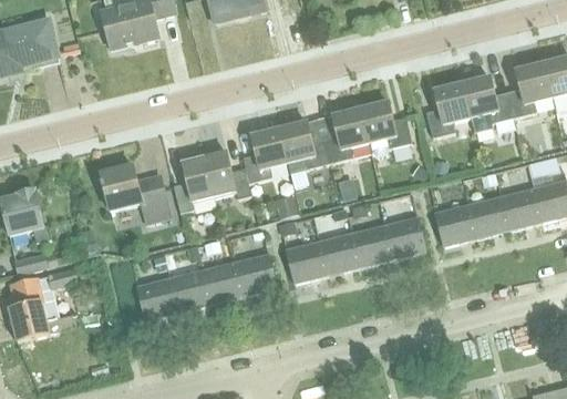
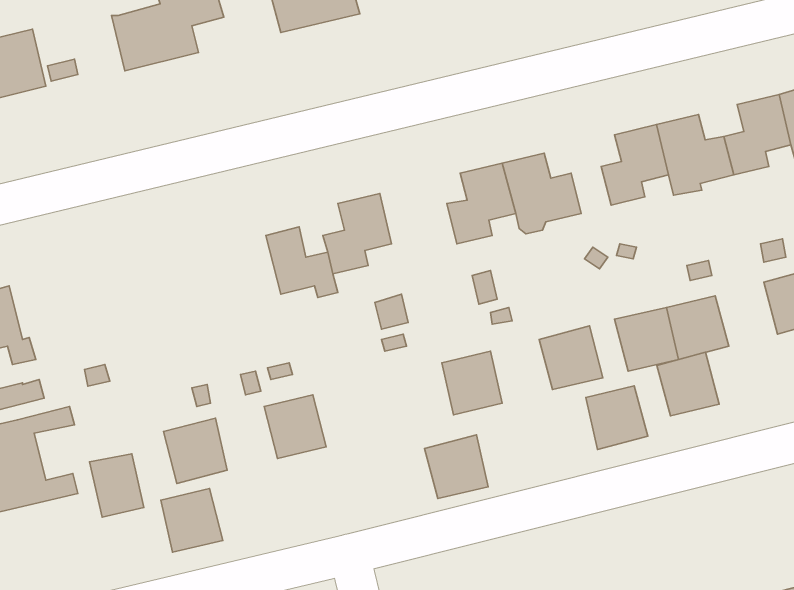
building: [279,121,330,172] -> none
building: [174,156,214,212] -> none
building: [102,165,171,223] -> none
building: [501,187,542,229] -> [657,352,719,416]
building: [352,225,393,267] -> [586,386,648,449]
building: [286,241,328,283] -> [425,435,488,499]
building: [235,253,277,296] -> none
building: [171,269,212,311] -> [161,488,223,552]
building: none -> [89,454,144,517]

